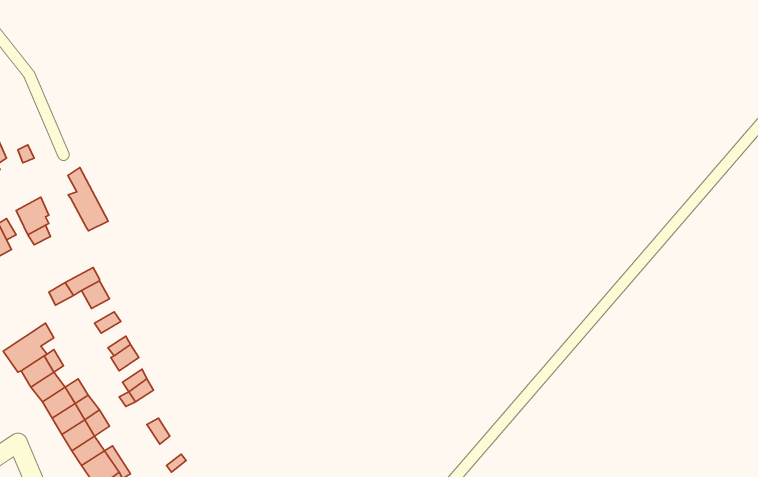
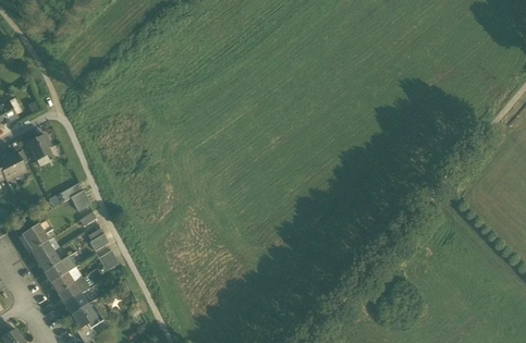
building: [68,168,108,231] -> none

